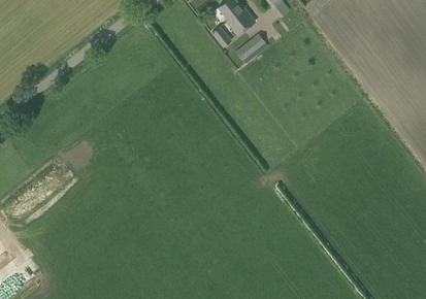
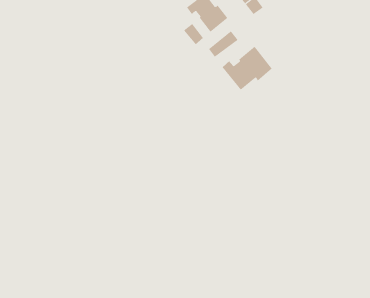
building: none -> [222,46,273,91]

